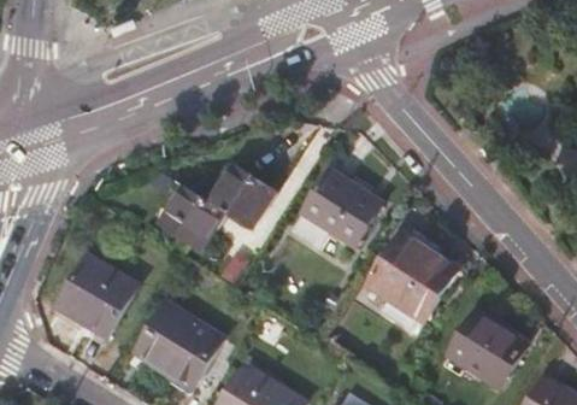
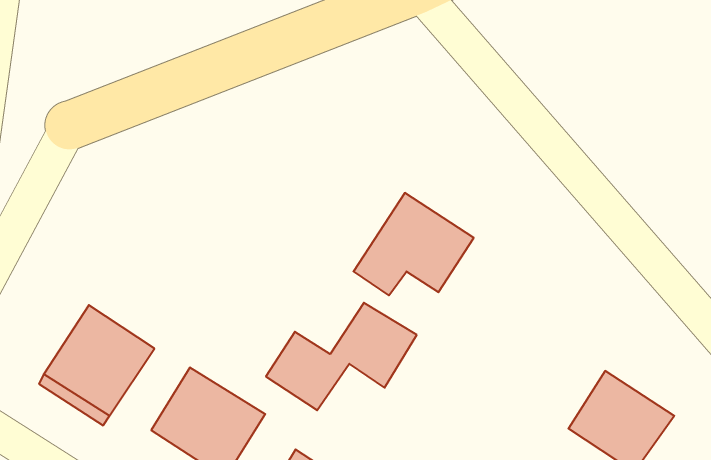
building: [165,165,278,246] -> [266,303,417,410]
building: [367,229,455,318] -> none

